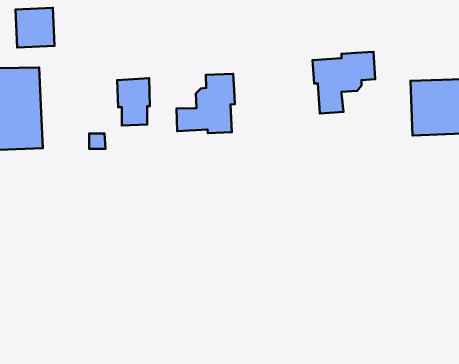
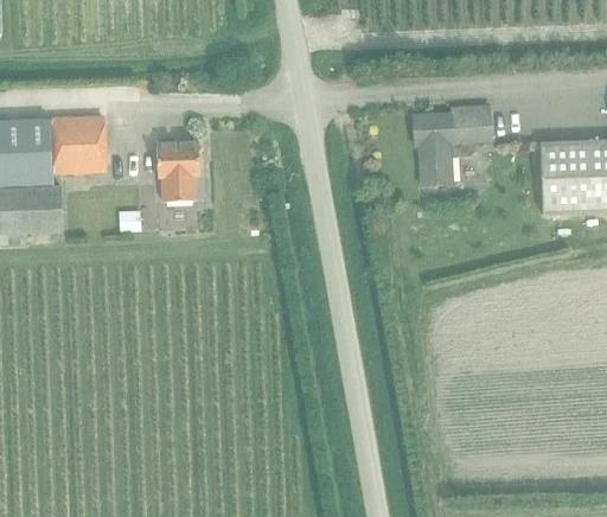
building: [15,8,55,48] -> [55,121,106,173]
building: [176,74,235,133] -> none

